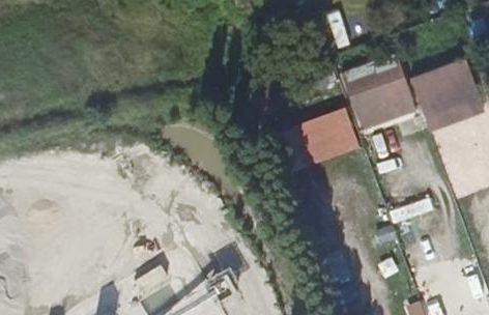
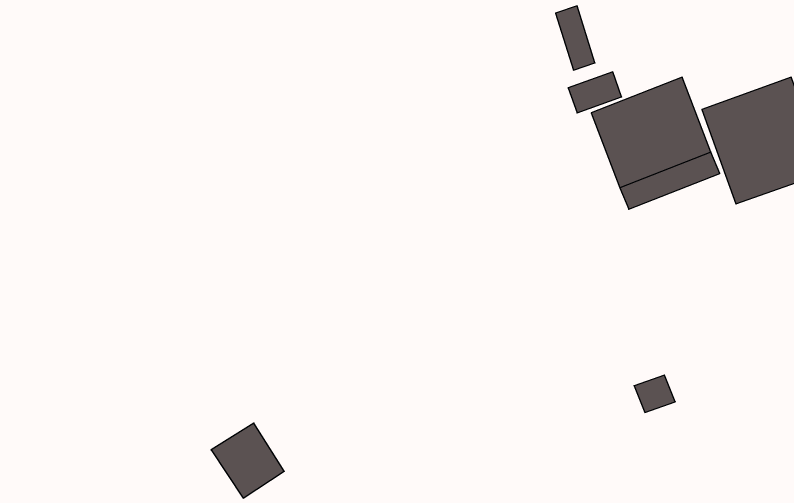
building: [293,111,355,165] -> none

